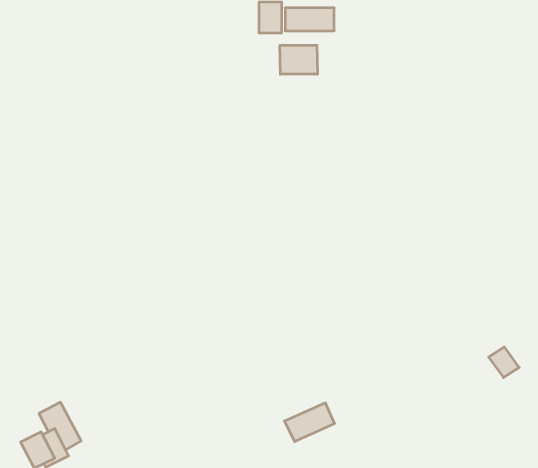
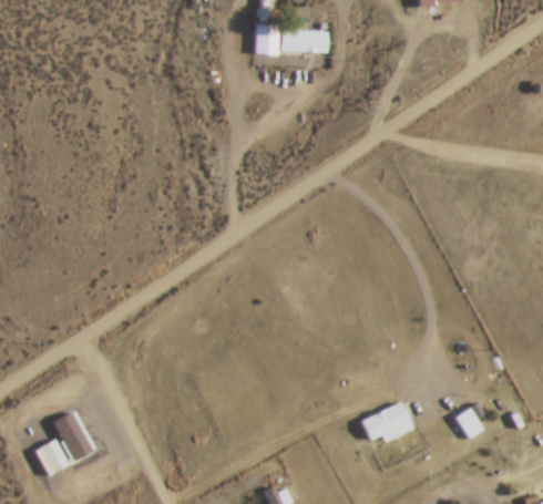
building: [280,45,317,74] -> none
building: [489,347,519,378] -> [453,411,483,441]
building: [284,403,335,442] -> [358,404,407,442]

